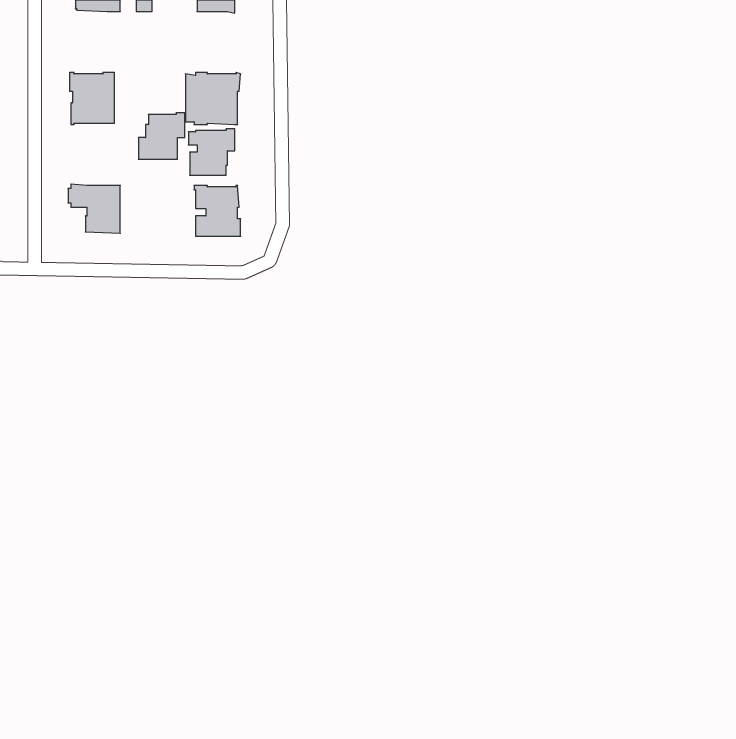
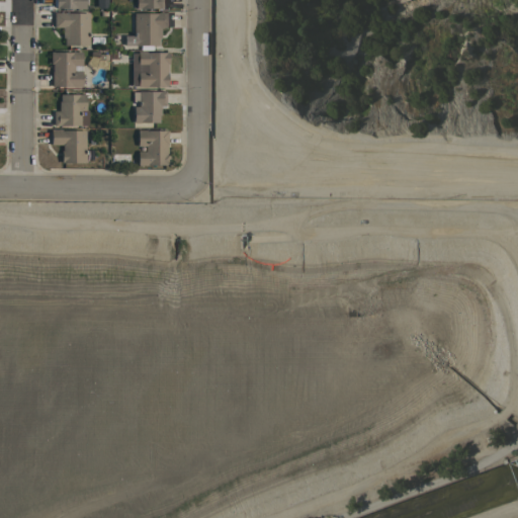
building: none -> [56,13,91,46]
building: none -> [136,13,171,51]
building: [138,113,185,159] -> [55,94,87,126]

